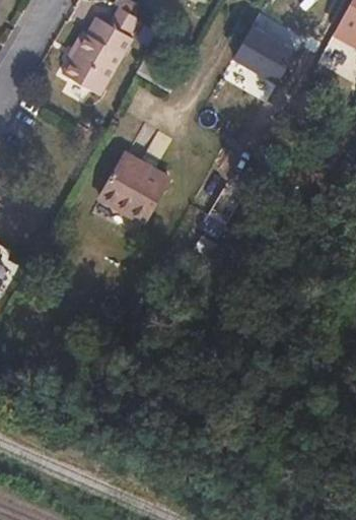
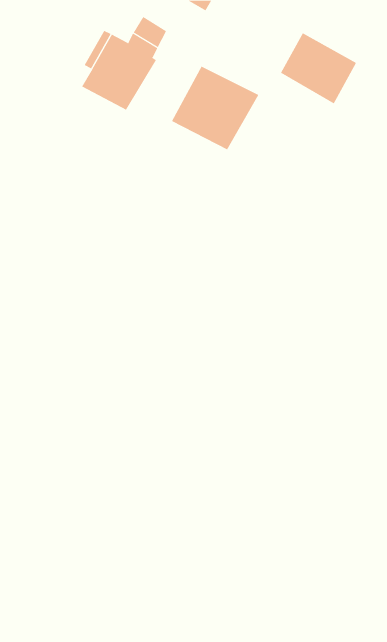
building: [102,141,173,209] -> [171,66,259,150]

